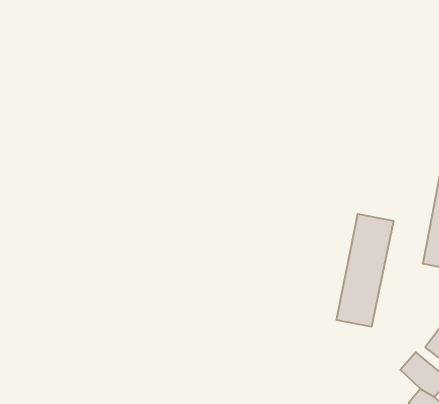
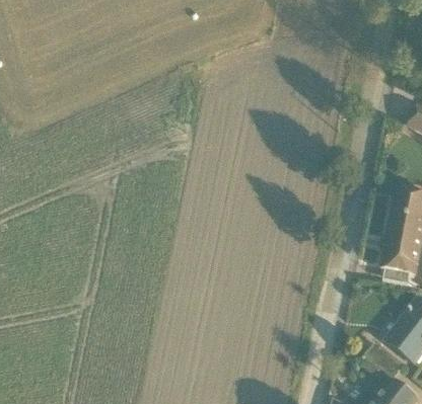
building: [337,214,393,327] -> none

